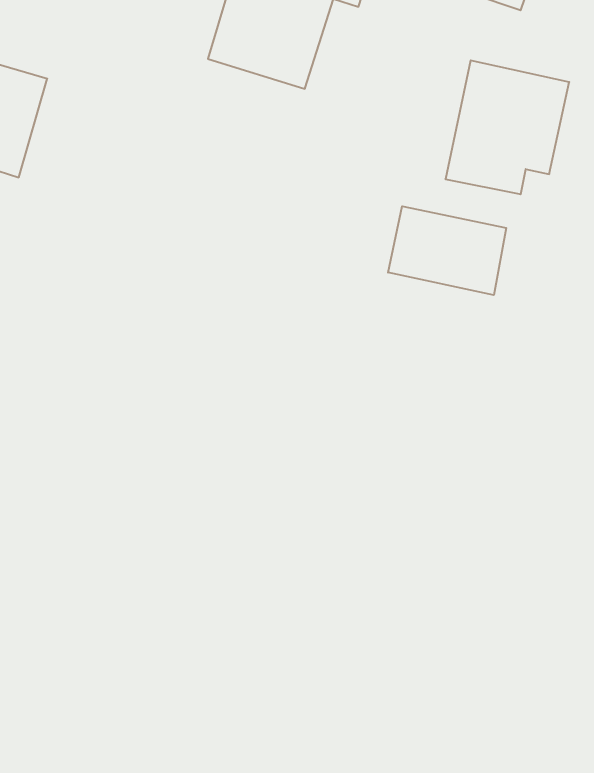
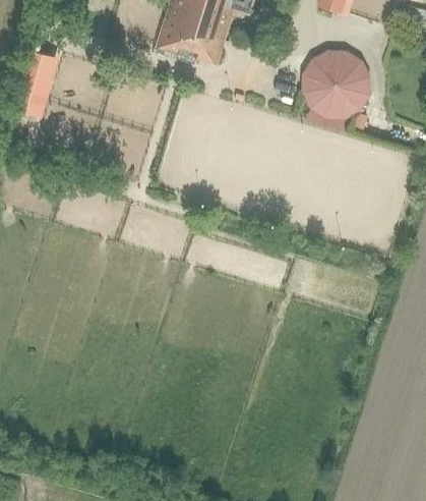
building: [388,206,506,295] -> none

